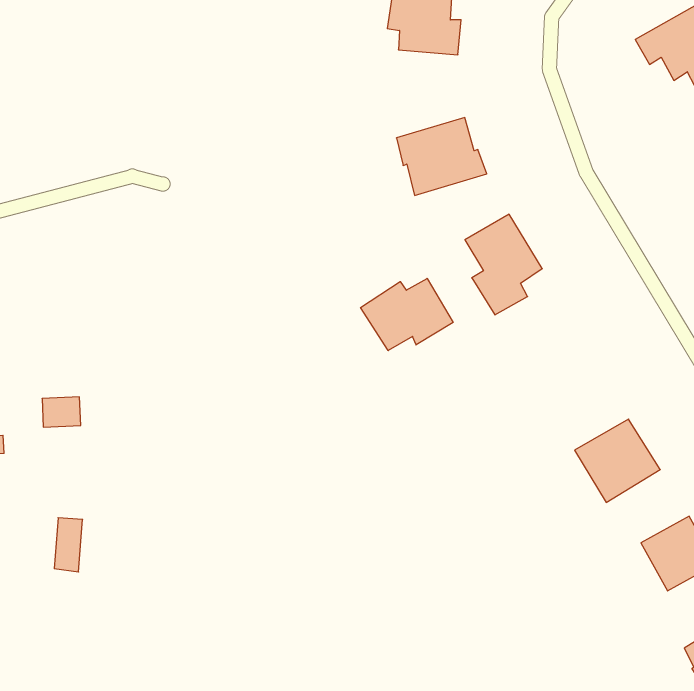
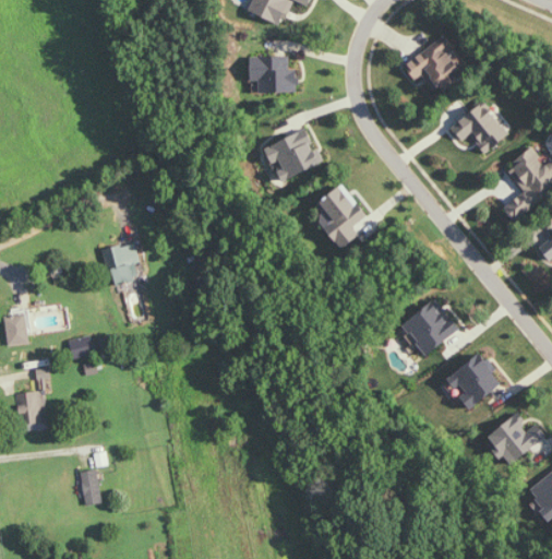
building: none -> [105,243,137,284]
building: [361,278,453,351] -> none
building: [54,518,83,572] -> [81,469,98,502]

